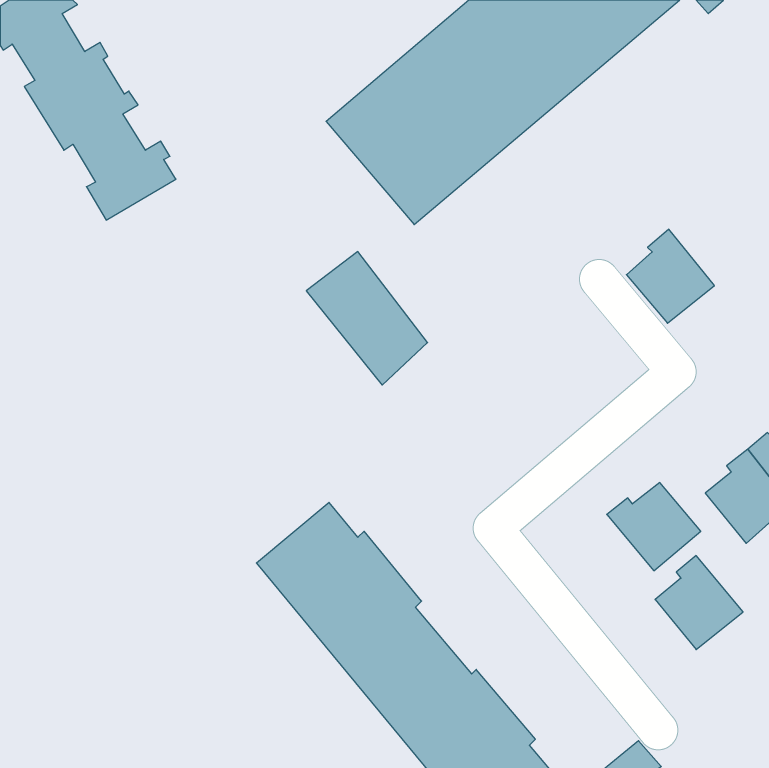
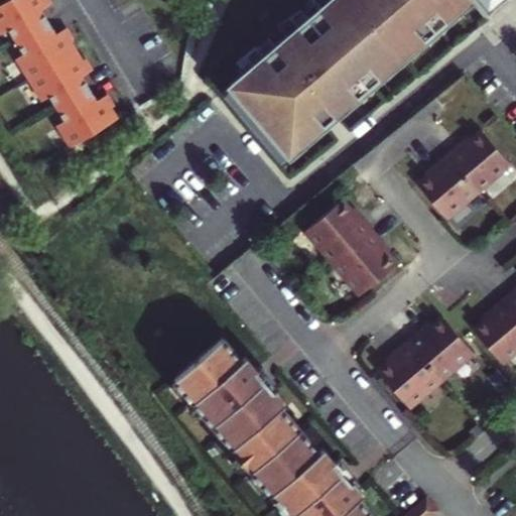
building: none -> [448,136,510,195]
building: [306,252,428,385] -> [308,204,389,292]
building: [655,556,743,650] -> [380,347,438,409]

